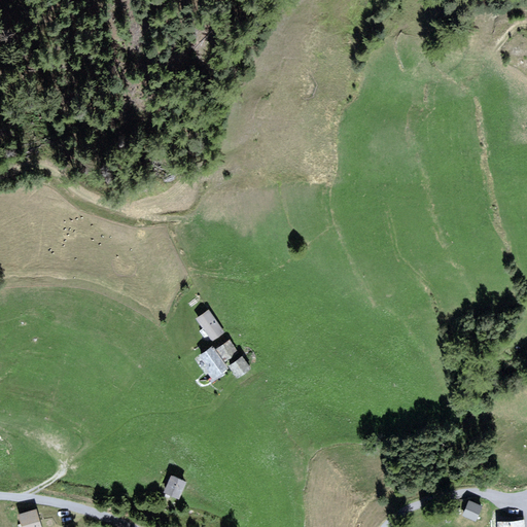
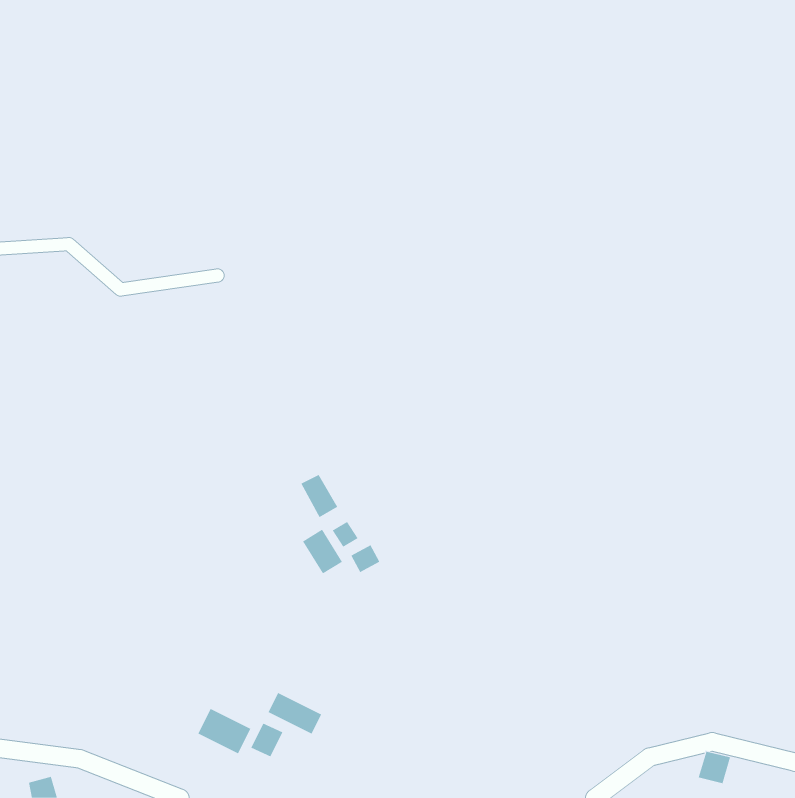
building: none -> [268,692,322,734]
building: none -> [198,708,251,754]

